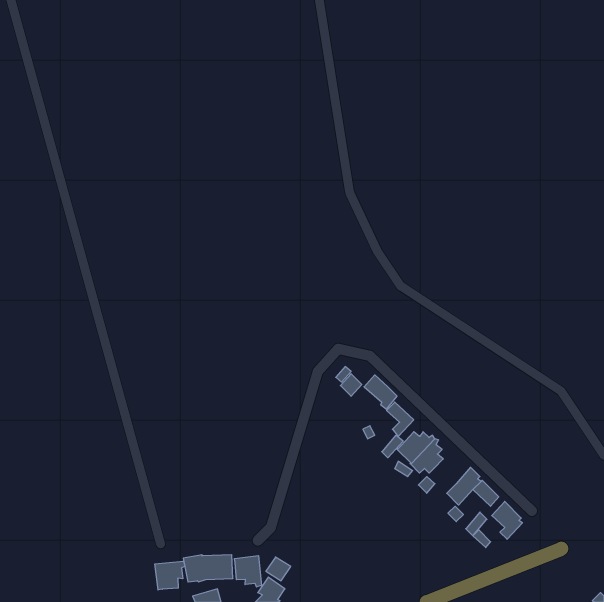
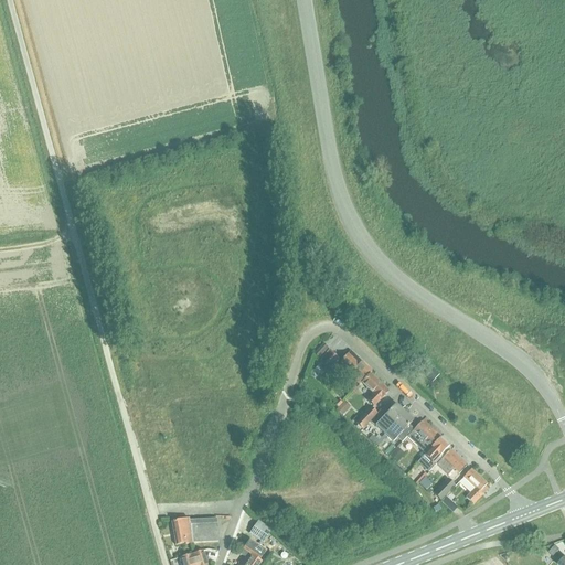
building: none -> [408,418,440,451]
building: [234,556,261,587] -> none
building: [155,561,185,590] -> none

